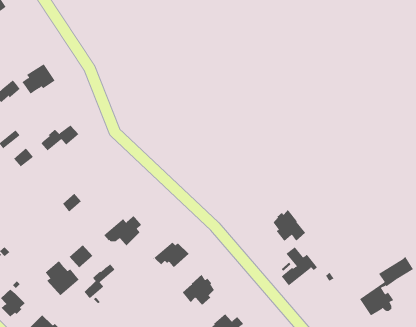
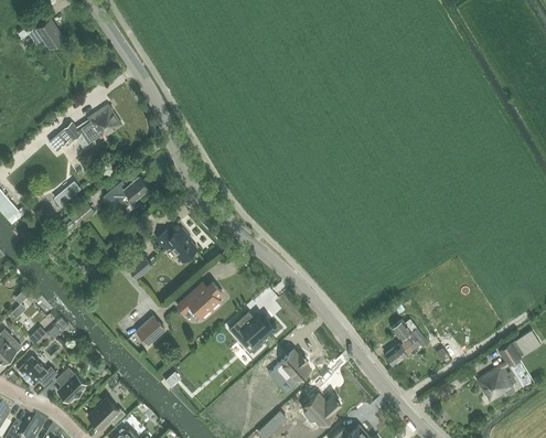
building: none -> [156,226,196,260]
building: [273,209,306,242] -> none
building: [45,260,79,296] -> none
building: [84,264,115,299] -> none

